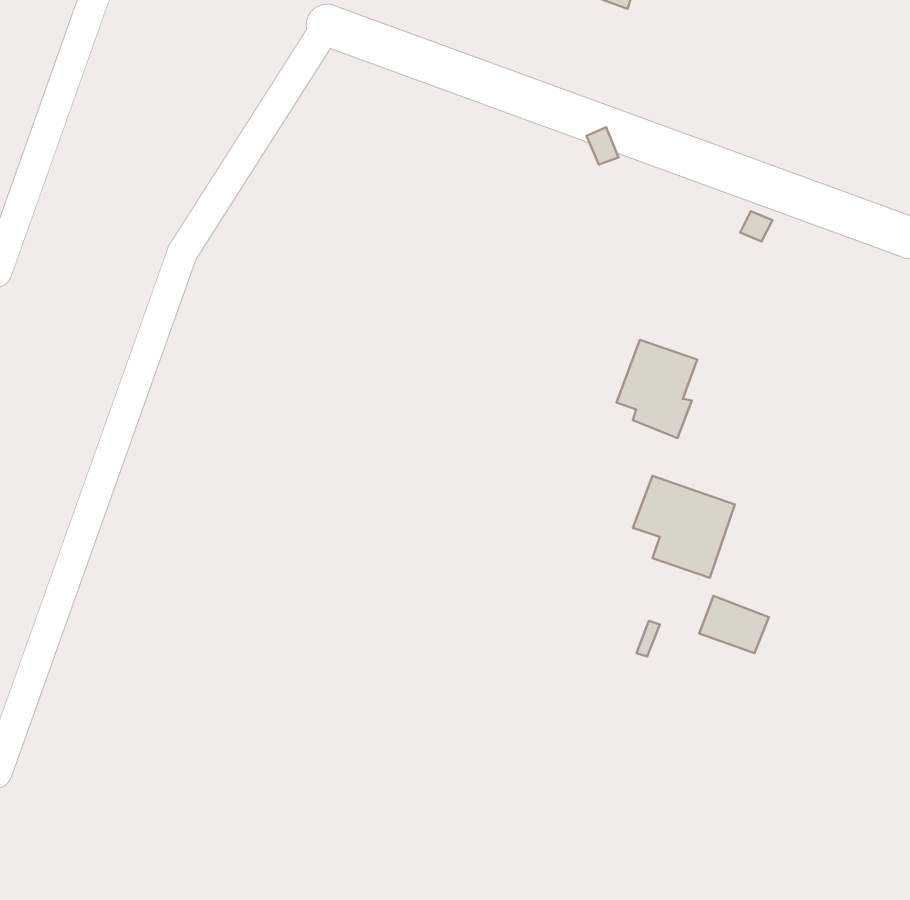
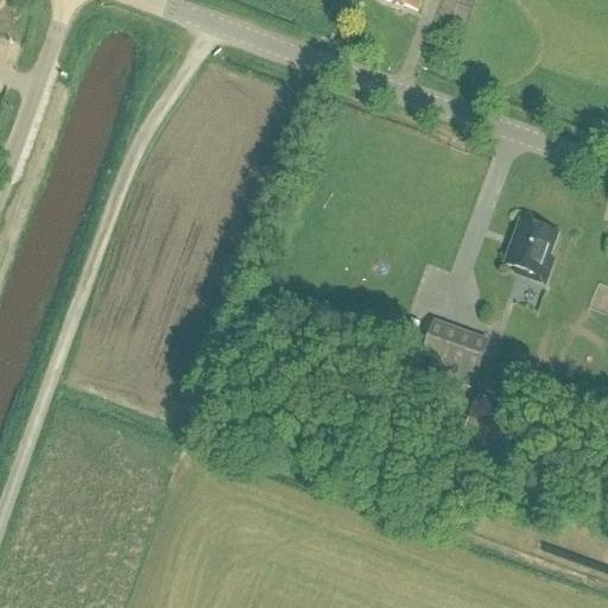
building: [617,340,697,438] -> [504,215,557,280]

